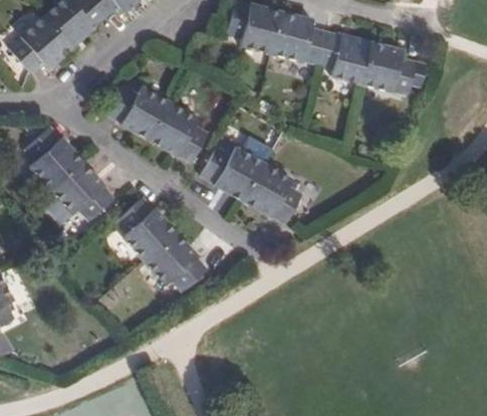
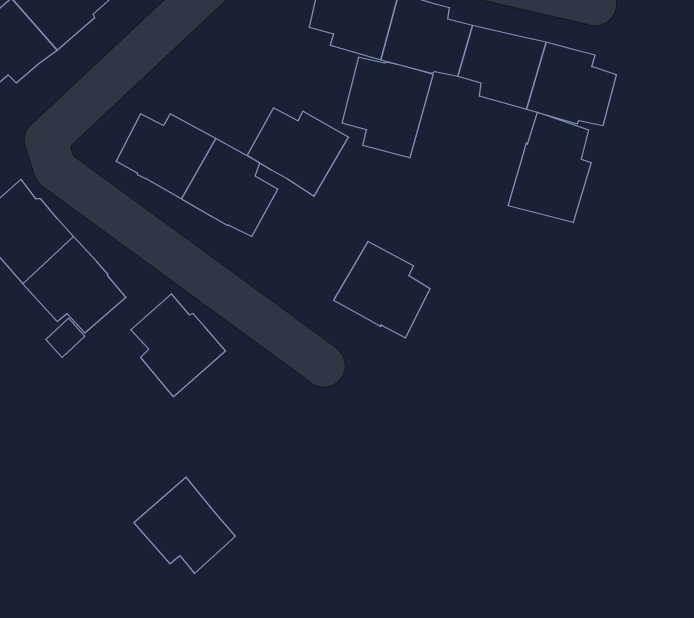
building: none -> [342,57,433,158]
building: none -> [508,112,591,223]
building: [201,147,263,201] -> [247,108,349,196]
building: [144,232,206,291] -> [134,477,235,574]

